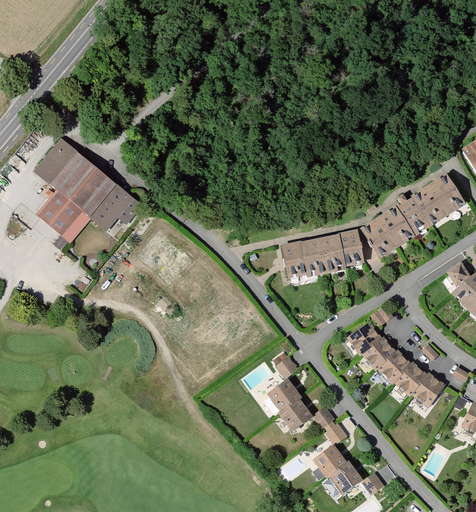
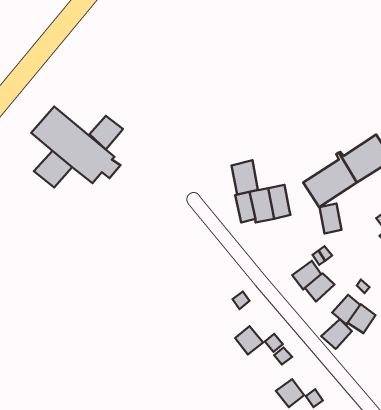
building: none -> [89,116,123,150]
building: none -> [231,160,258,194]
building: [337,229,363,264] -> [319,204,341,233]
building: [375,349,411,384] -> [321,319,352,349]
building: [266,380,298,412] -> none
building: [312,444,345,477] -> none

